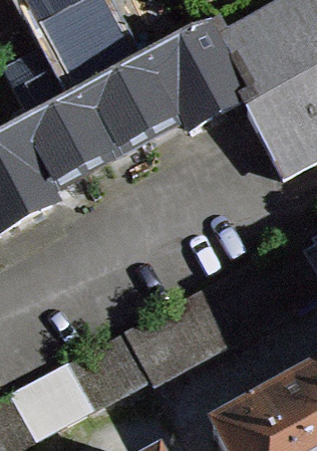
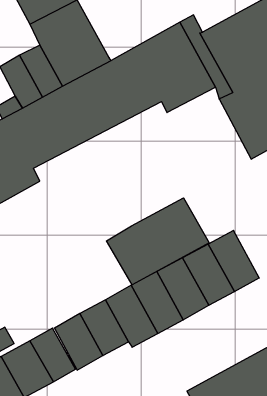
building: none -> [106,198,209,285]

